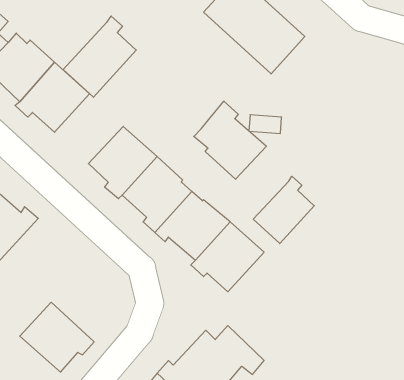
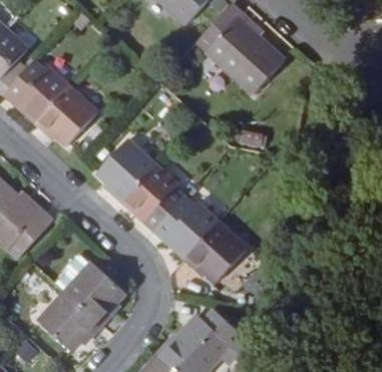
building: [63,16,136,97] -> none
building: [194,101,266,179] -> none
building: [253,176,314,244] -> none
building: none -> [55,255,126,325]

